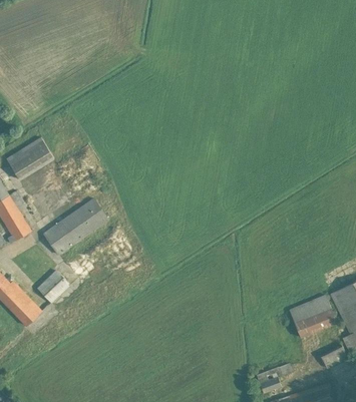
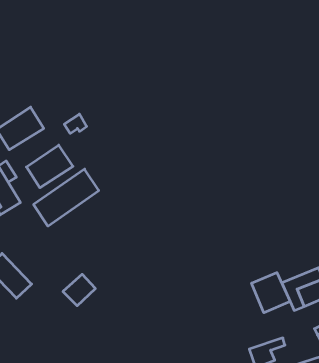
building: none -> [26,145,73,188]
building: [37,271,69,302] -> [63,274,95,306]
building: none -> [252,273,290,313]

